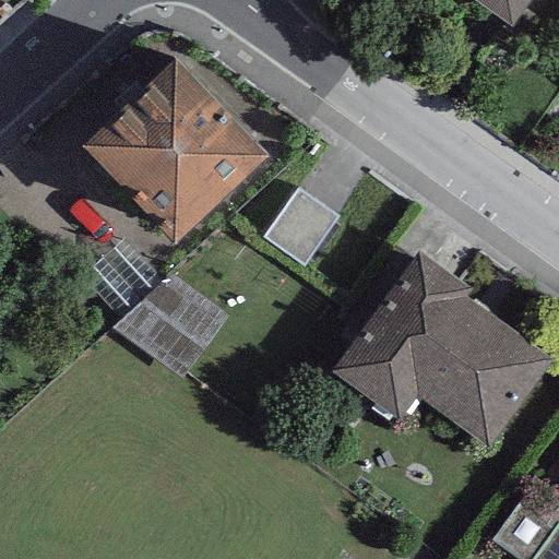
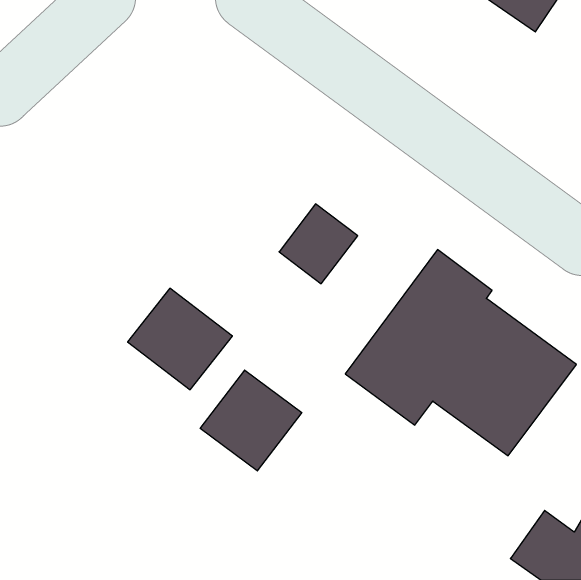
building: [83,64,269,249] -> none
building: none -> [200,370,302,471]

